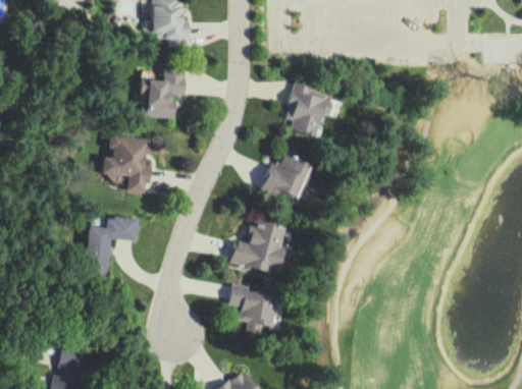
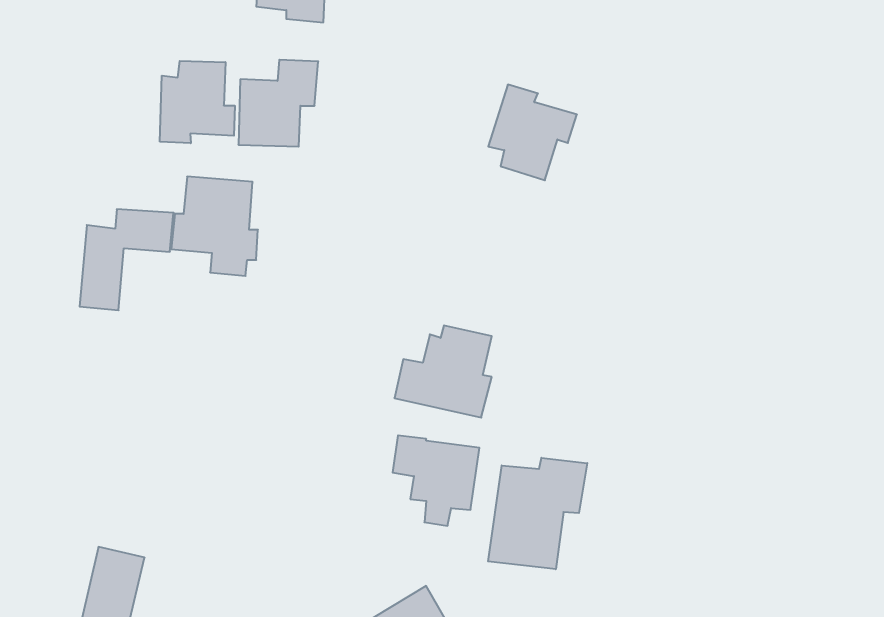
building: none -> [160,61,235,143]
building: [260,154,313,199] -> none
building: [86,217,140,275] -> [80,209,174,310]
building: none -> [488,458,587,569]

